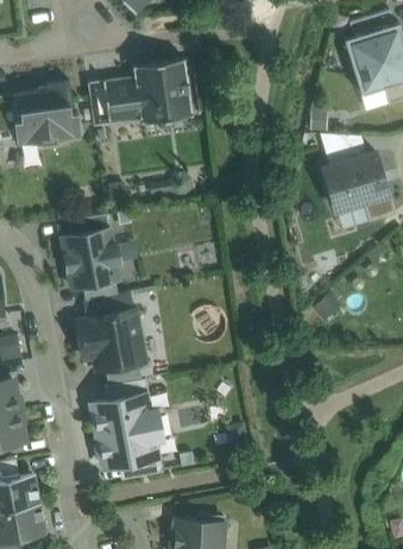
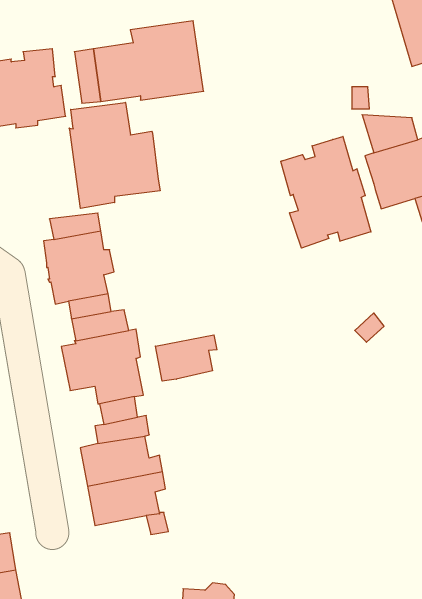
building: none -> [69,102,160,208]
building: none -> [281,136,371,248]
building: none -> [155,335,217,381]

